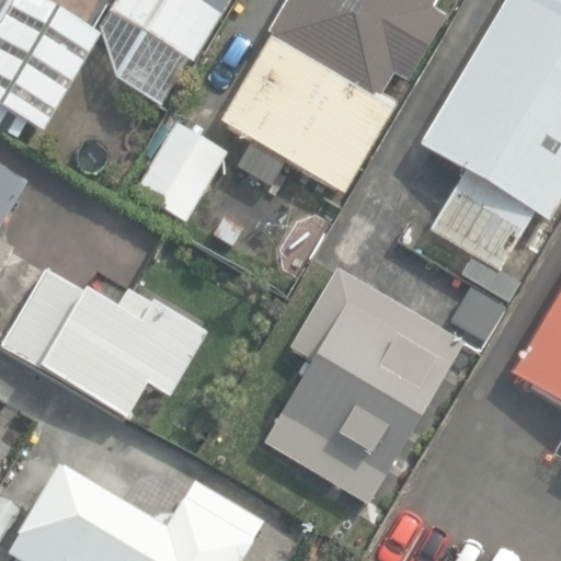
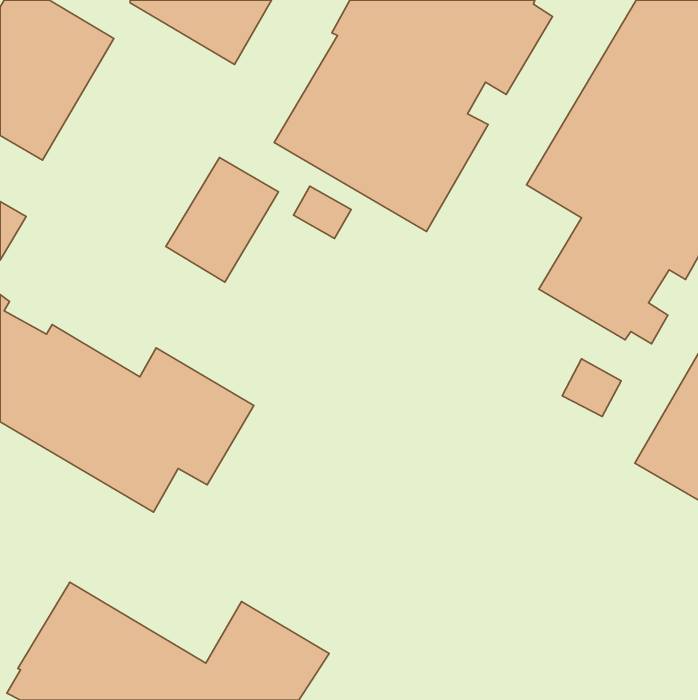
building: [267,273,461,502] -> none

